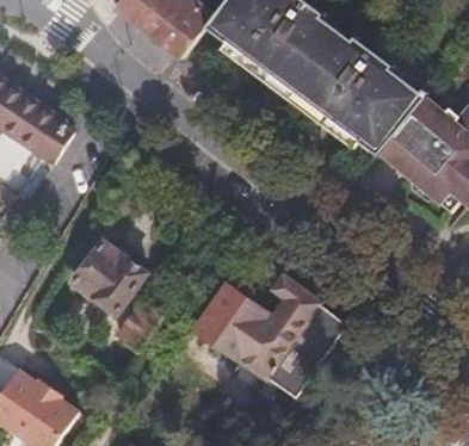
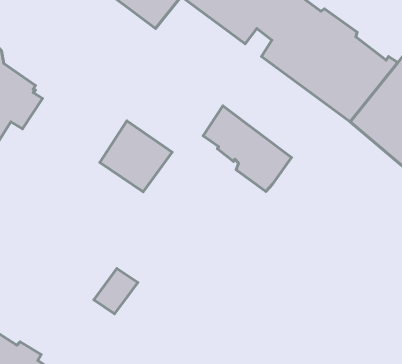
building: none -> [203,106,292,192]
building: [72,242,146,315] -> [100,121,172,192]
building: [195,272,348,394] -> none

